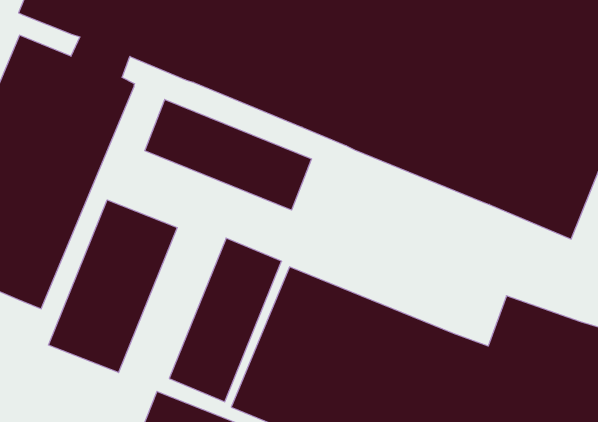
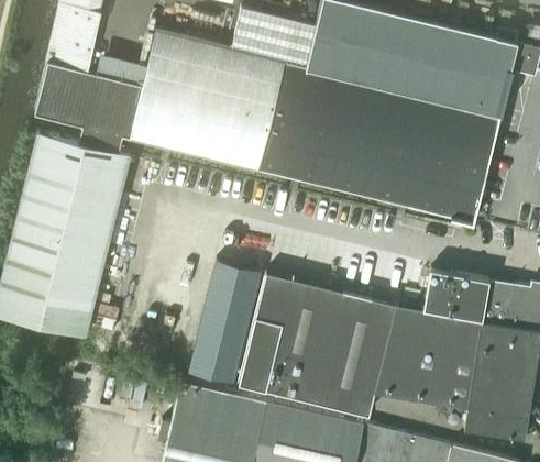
building: [145,99,311,210] -> none
building: [49,200,177,373] -> none

